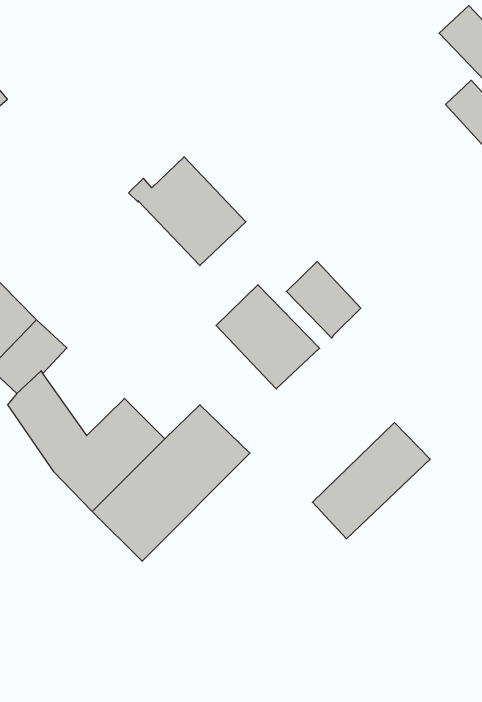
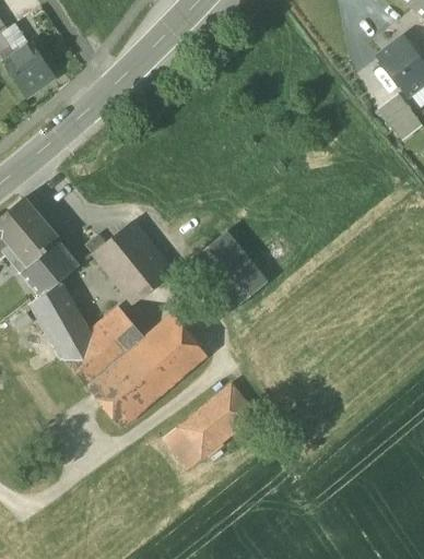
building: [129,157,246,266] -> [86,221,172,302]
building: [286,262,361,338] -> none
building: [312,423,430,539] -> [164,383,255,466]

